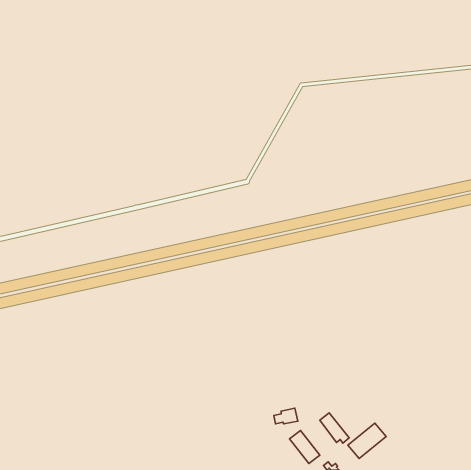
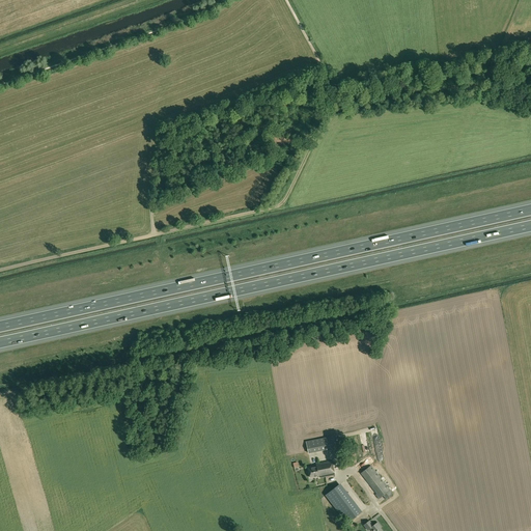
building: none -> [306,435,339,452]
building: [348,423,386,459] -> none

